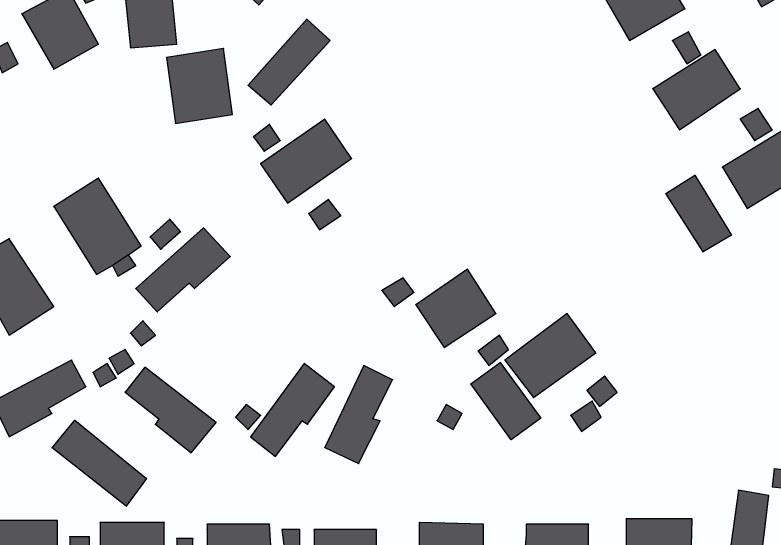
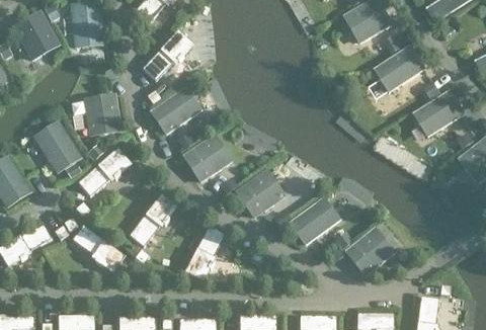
building: [167,48,232,123] -> [83,93,120,136]
building: [666,175,731,252] -> none
building: none -> [184,135,231,179]
building: [471,362,541,440] -> none
building: [251,364,334,456] -> [130,193,177,246]
building: none -> [345,228,393,274]
building: [52,420,146,506] -> none

